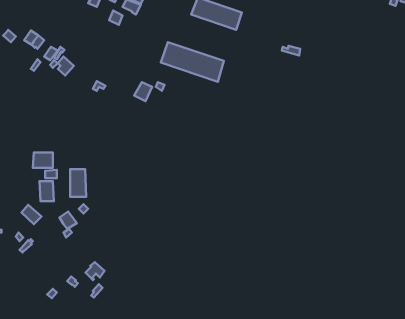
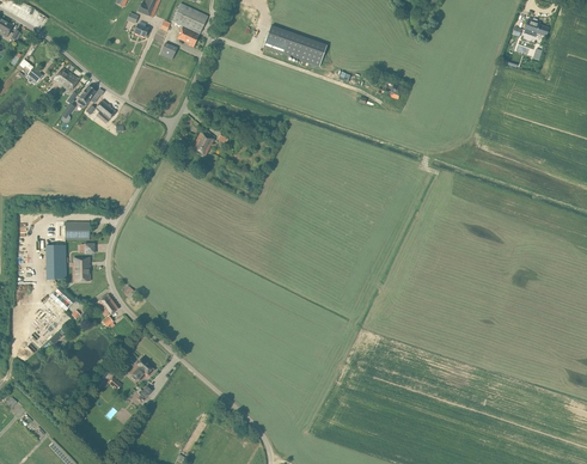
building: [161,42,224,82] -> none
building: [70,169,86,197] -> [47,244,67,279]

